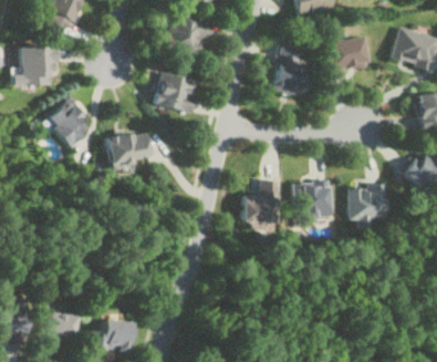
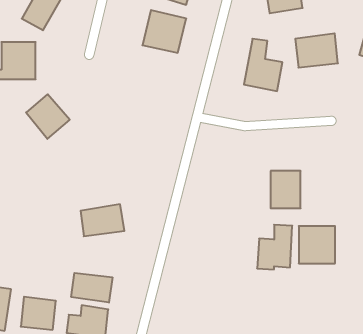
building: [157,71,200,112] -> none
building: [110,131,155,164] -> [81,204,124,236]
building: [243,178,280,225] -> [257,225,292,269]
building: [350,185,387,224] -> [299,226,335,263]
building: none -> [71,273,112,303]

